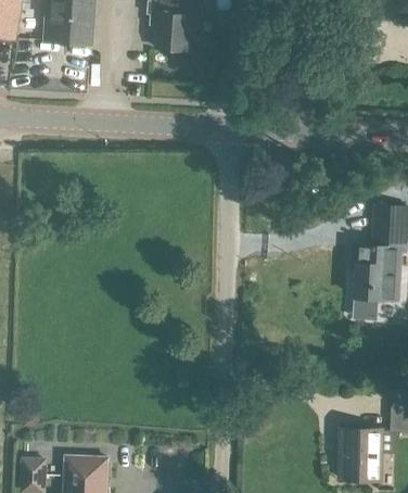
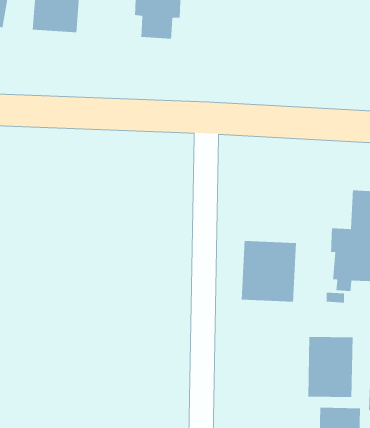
building: none -> [241,240,297,302]
building: none -> [307,336,353,398]

